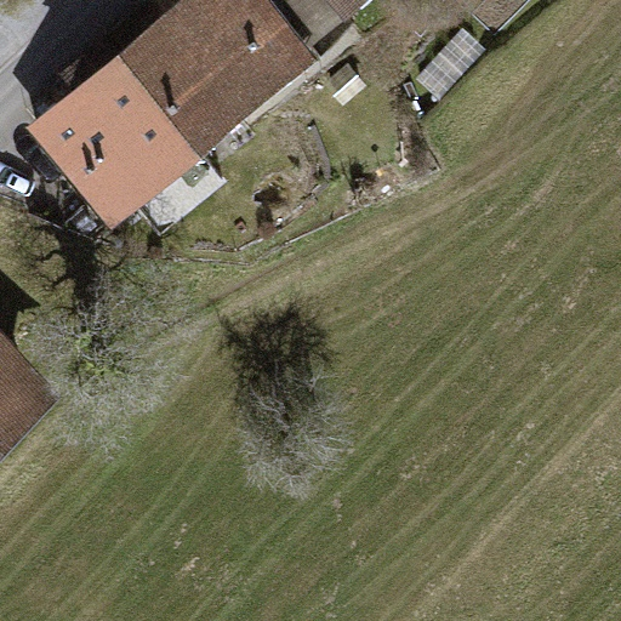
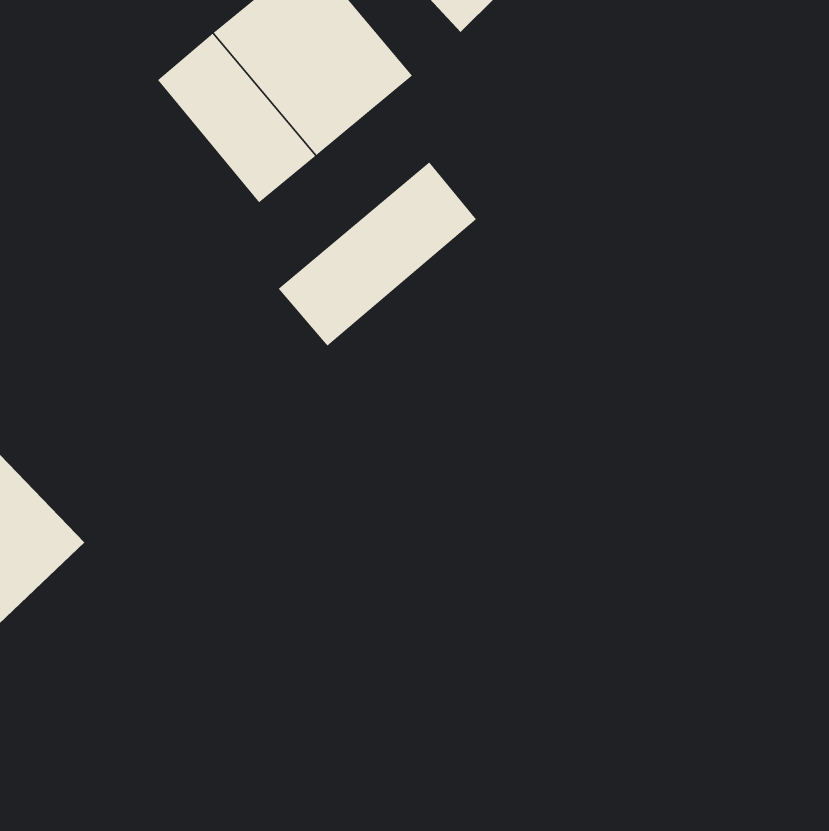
building: [30,59,192,222] -> none
building: none -> [278,161,477,347]

